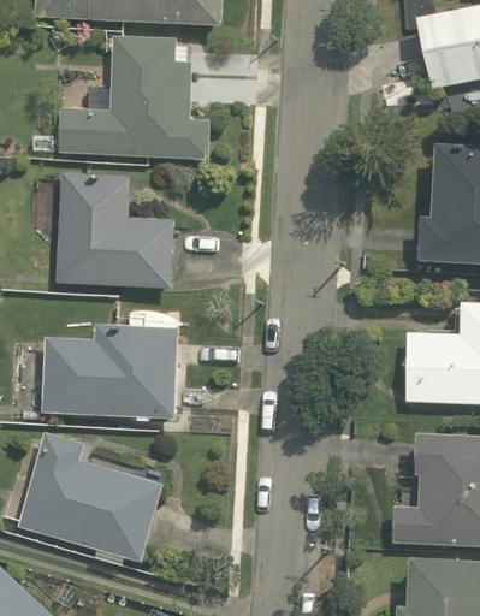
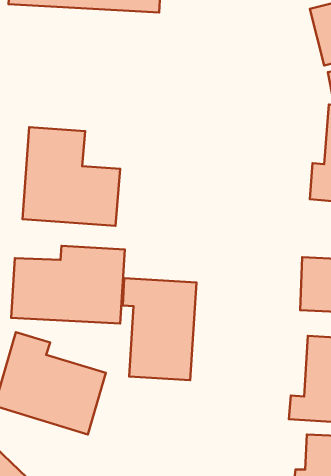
building: [55,32,209,162] -> none
building: none -> [123,278,196,380]

